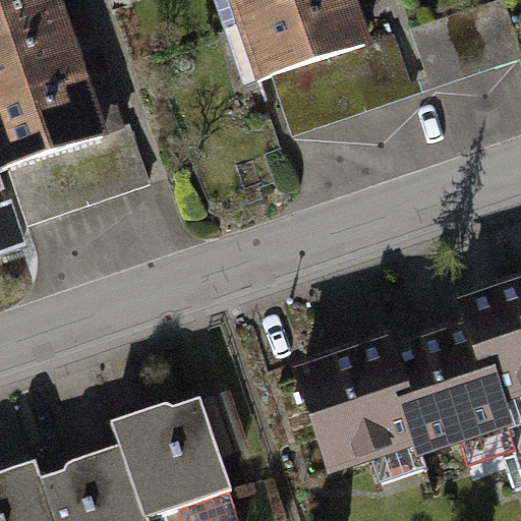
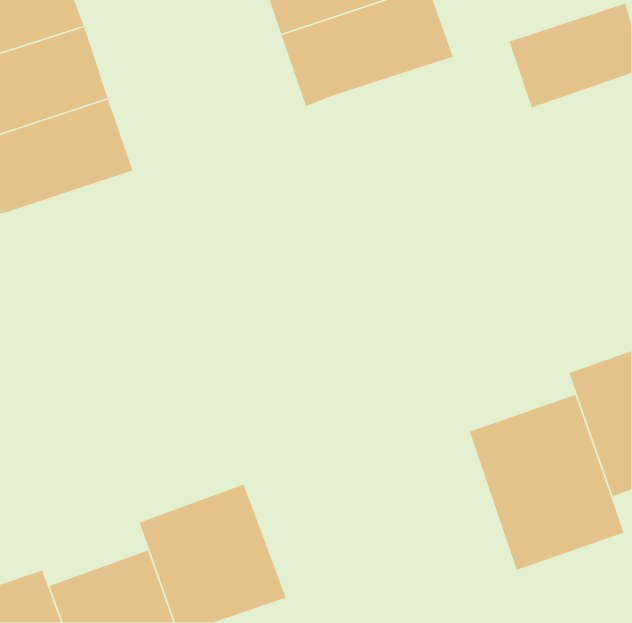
building: [273,39,415,136] -> none
building: [8,131,153,227] -> none
building: [292,342,415,477] -> none

